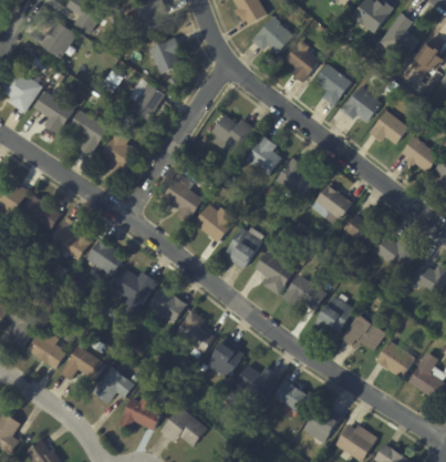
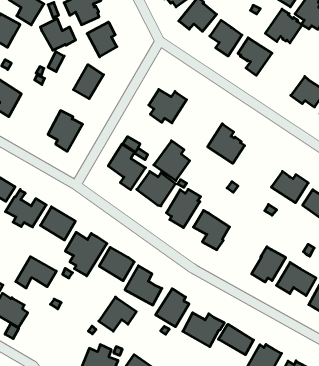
building: none -> [40,19,76,50]
building: [341,85,382,123] -> [265,9,302,43]
building: [70,110,108,157] -> none
building: [242,135,282,179] -> [154,141,190,181]
building: [311,185,352,225] -> none
building: [281,275,325,311] -> none
building: [59,345,104,379] -> [16,257,56,288]
building: [91,366,133,403] -> [99,297,136,331]

